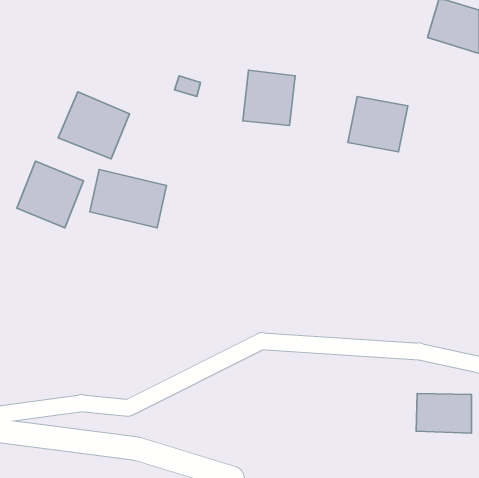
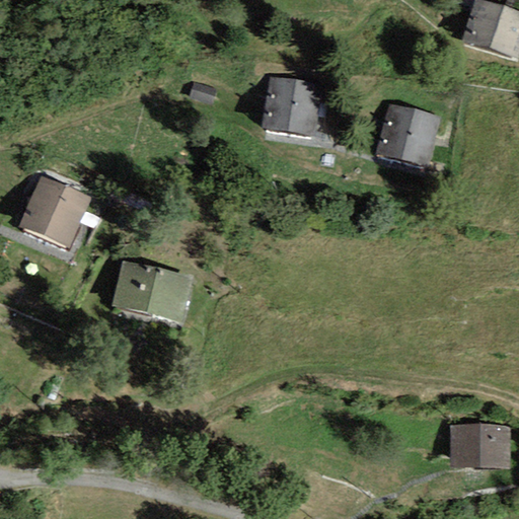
building: [58,92,130,159] -> none
building: [90,170,167,228] -> [112,260,195,322]

